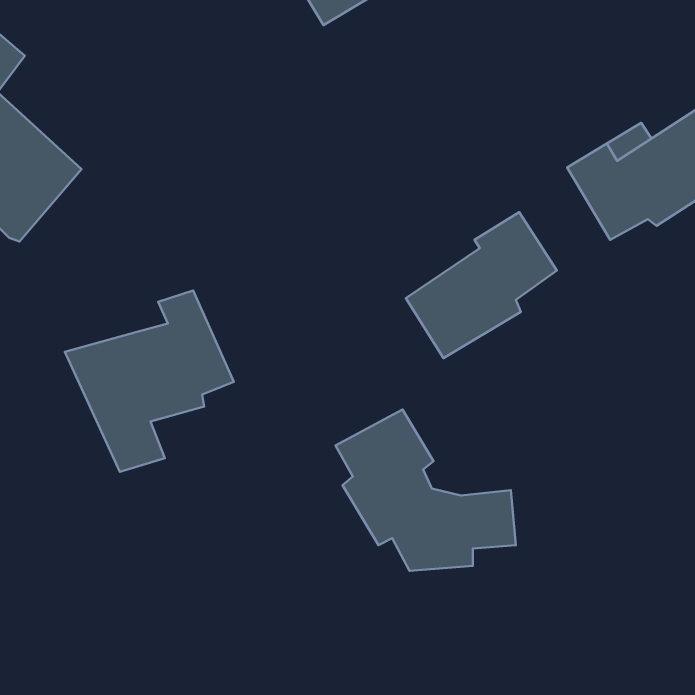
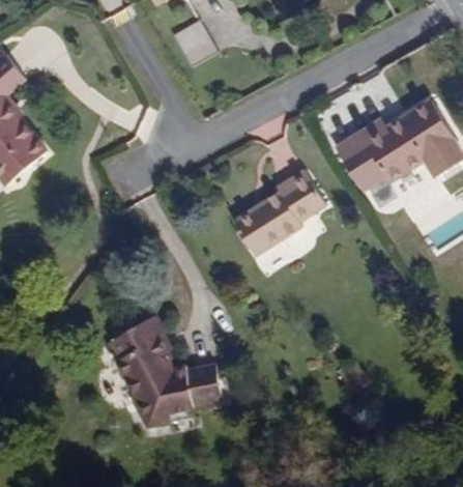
building: [65,291,234,472] -> none
building: [336,410,516,571] -> [116,319,225,417]

